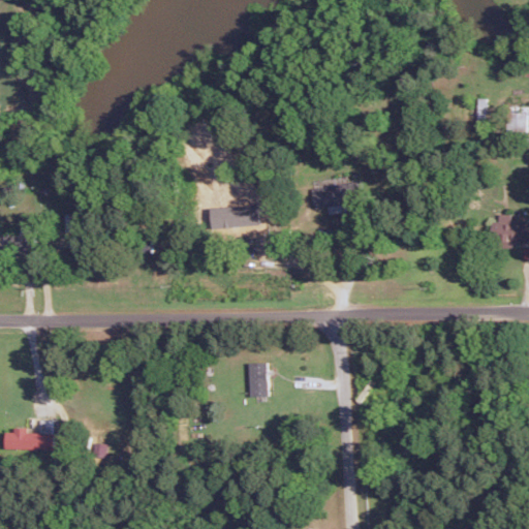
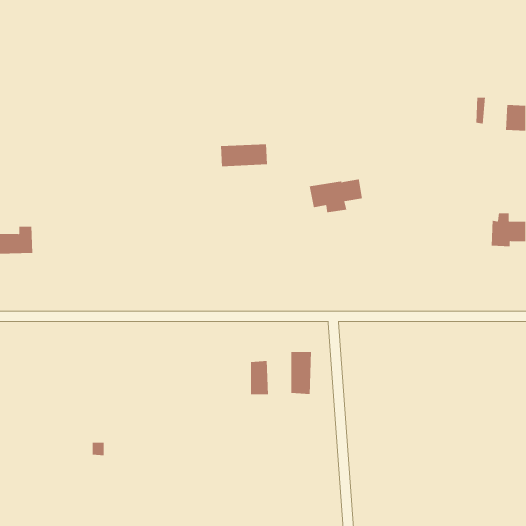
building: [211,206,258,228] -> [220,144,268,167]
building: none -> [291,351,311,395]
building: [4,428,52,450] -> none

